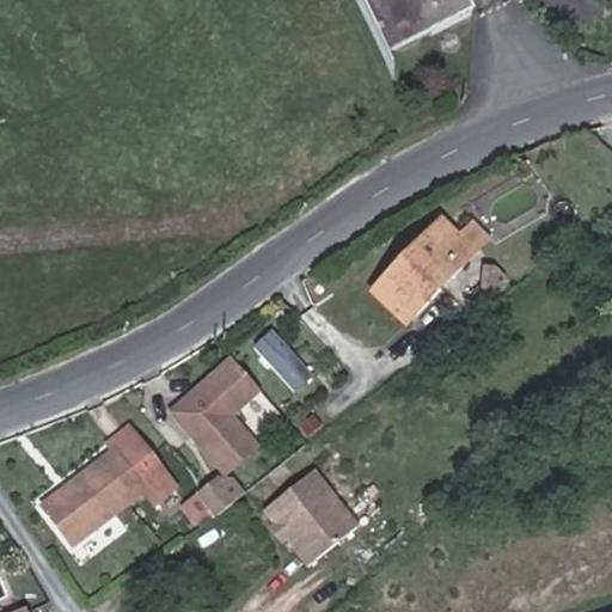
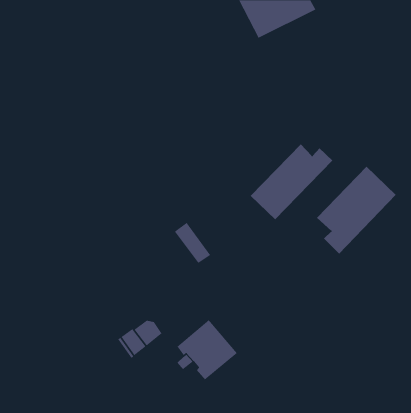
building: none -> [316,166,397,255]
building: [175,355,264,469] -> none
building: [42,424,173,539] -> none

